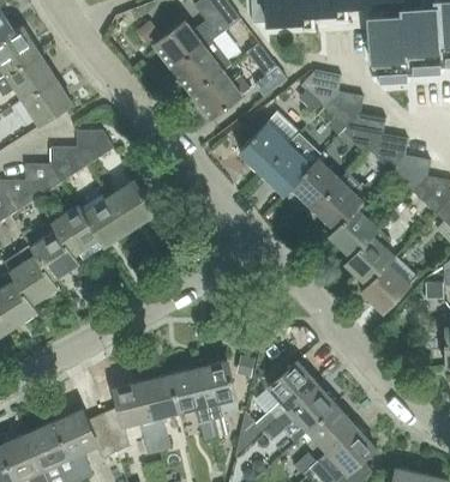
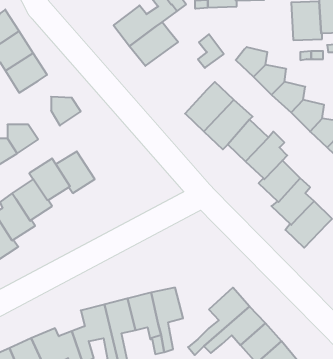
building: [191,71,248,119] -> none
building: [49,147,88,182] -> none
building: [108,180,156,230] -> none

